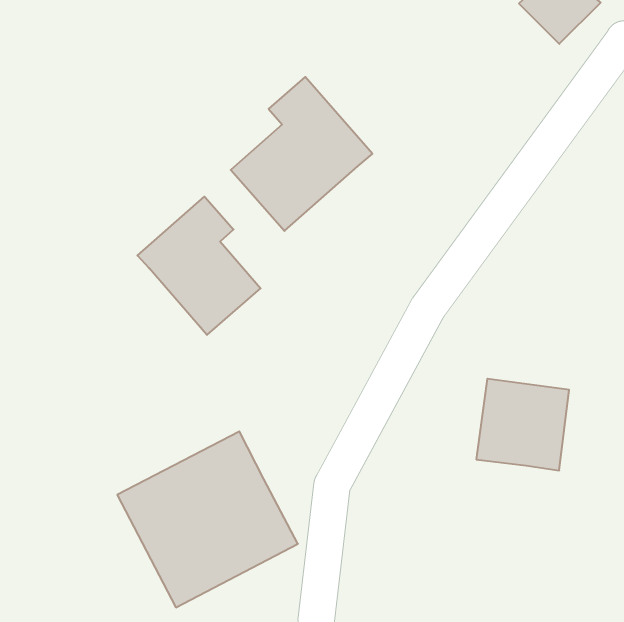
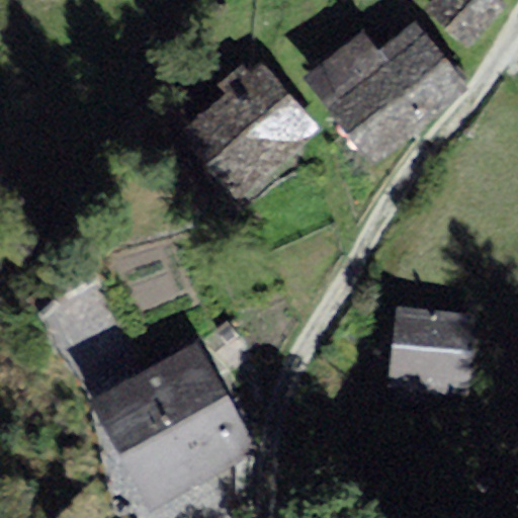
building: none -> [312,25,456,148]
building: [137,197,261,335] -> none

